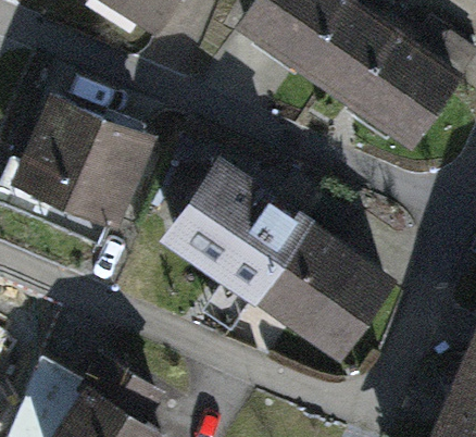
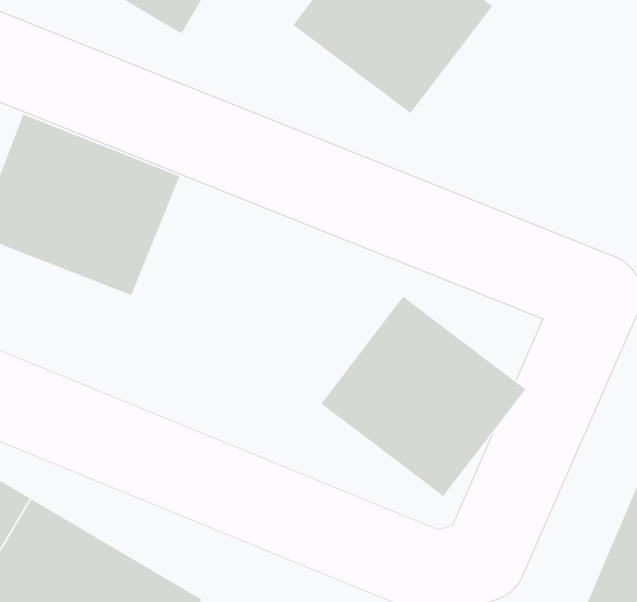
building: [315,18,454,155] -> none
building: [167,155,310,296] -> none

